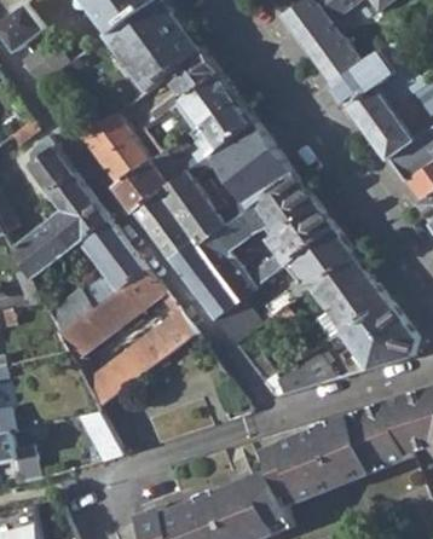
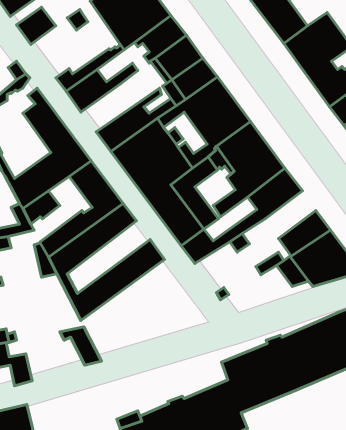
building: [94,131,158,186] -> none
building: [310,255,369,311] -> none
building: [265,352,331,395] -> none

